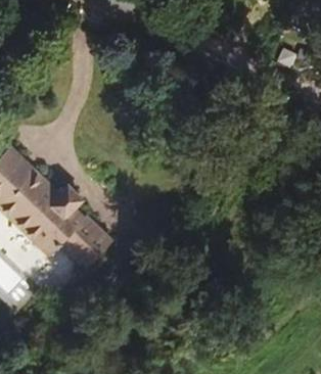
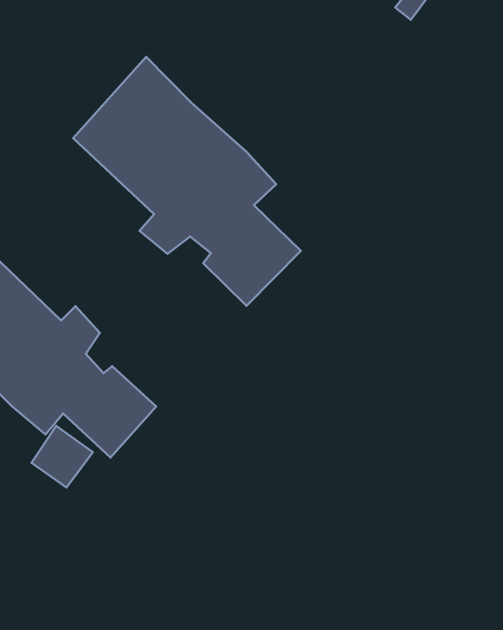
building: none -> [73,57,301,306]

